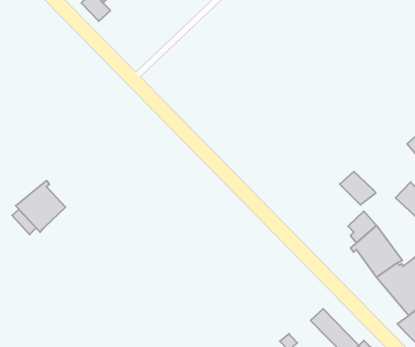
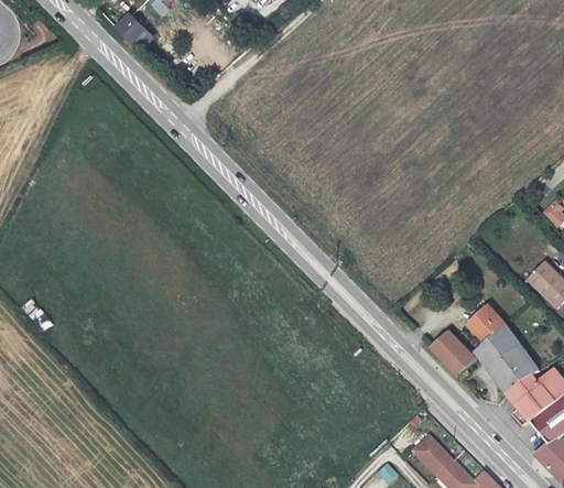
building: [340,172,376,205] -> [426,329,474,373]
building: [16,181,65,232] -> none

